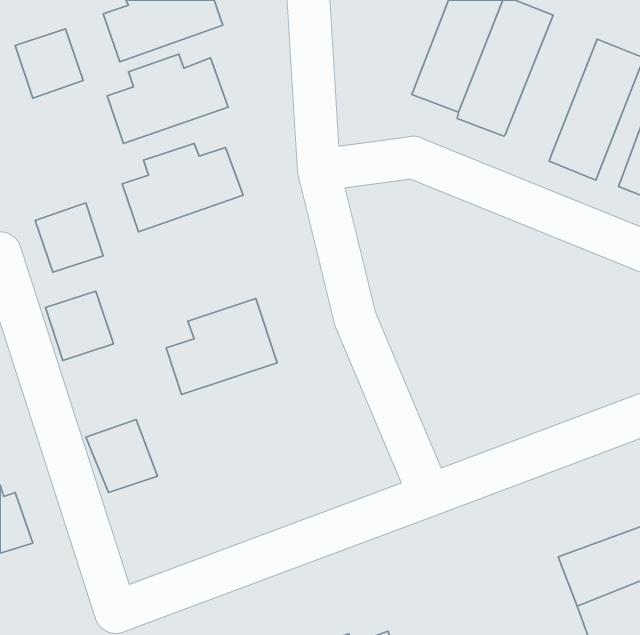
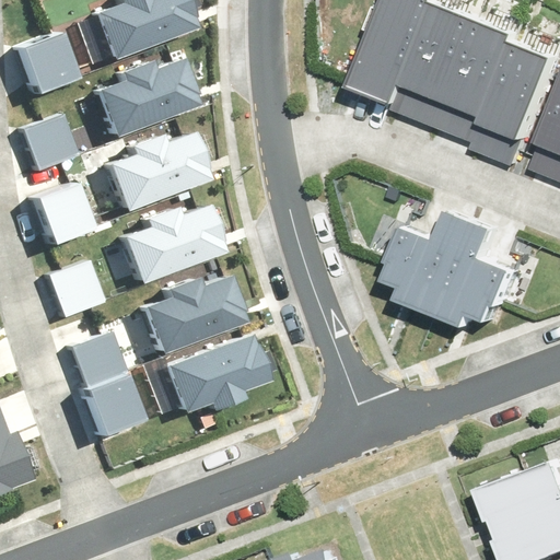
building: none -> [442,21,524,141]
building: none -> [15,112,74,172]
building: none -> [118,207,228,287]
building: none -> [395,222,521,329]
building: none -> [62,326,121,387]
building: none -> [162,336,267,425]

